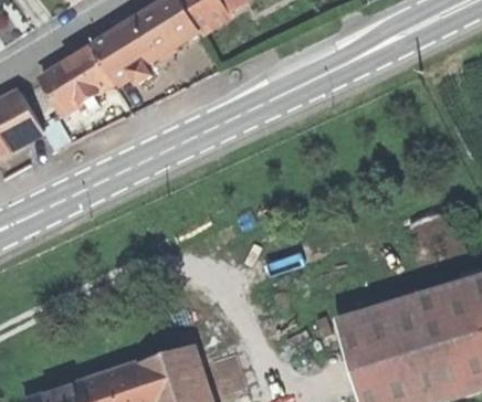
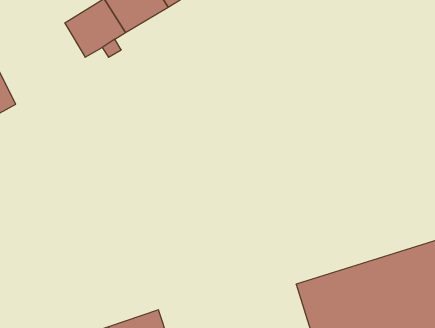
building: [42,47,114,114] -> none

